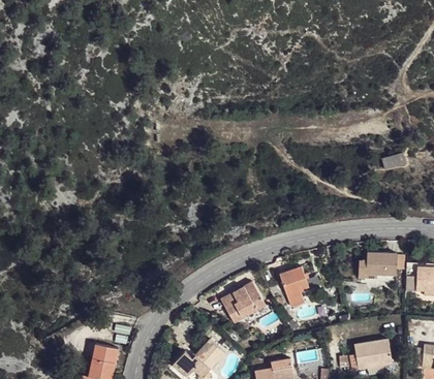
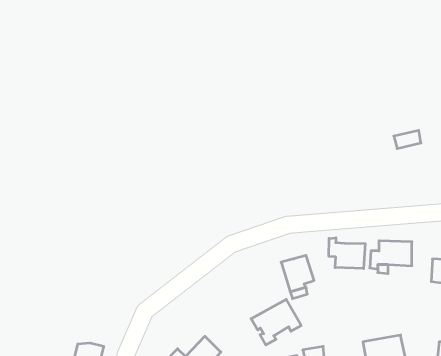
building: none -> [329,238,365,269]
building: [220,282,266,323] -> [251,299,301,345]

